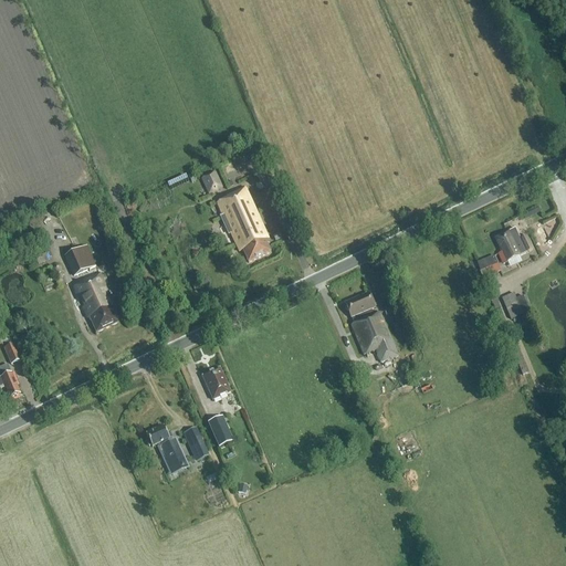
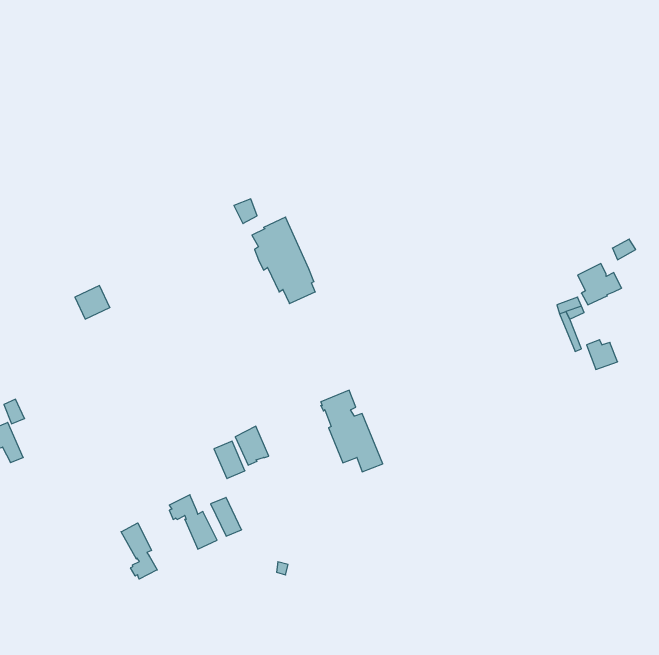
building: [72,272,117,329] -> none
building: [344,291,397,360] -> [321,390,383,472]
building: [207,413,233,446] -> [214,441,245,479]
building: none -> [121,523,157,579]

